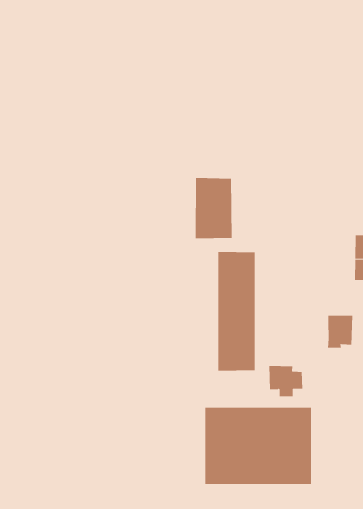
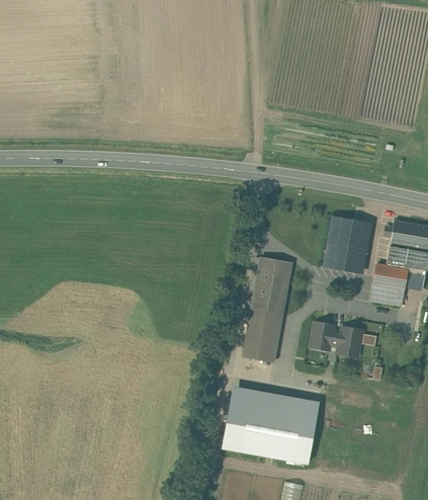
building: [195,178,232,239] -> [325,216,364,271]
building: [269,366,303,397] -> [312,321,342,350]

